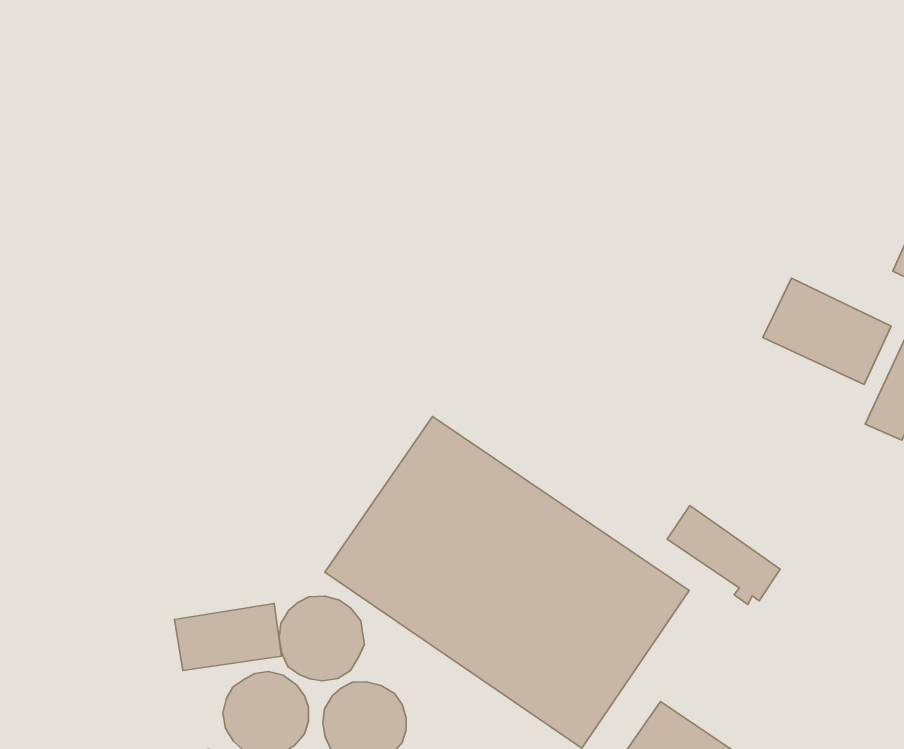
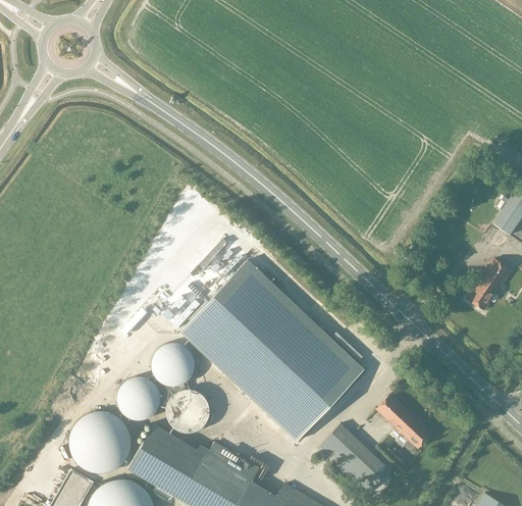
building: [763,278,891,385] -> none
building: [667,505,780,605] -> [376,395,431,450]
building: [175,603,282,671] -> none

